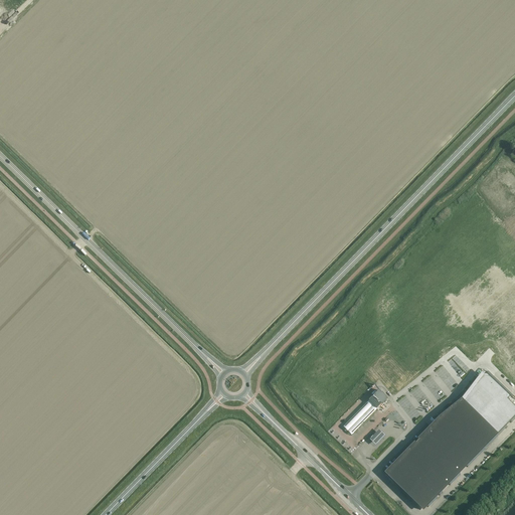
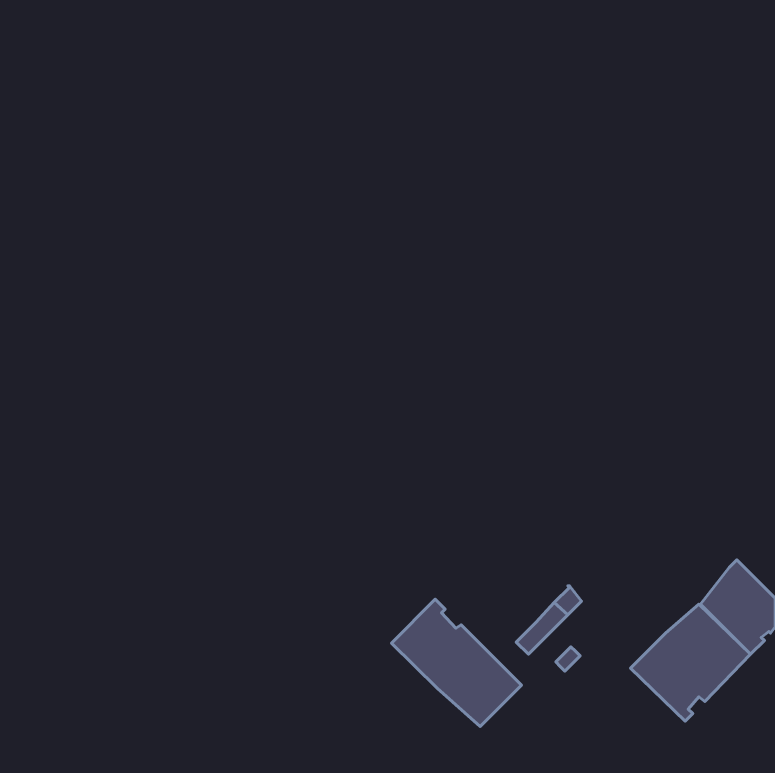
building: none -> [391,599,521,726]
building: [387,442,453,507] -> none

